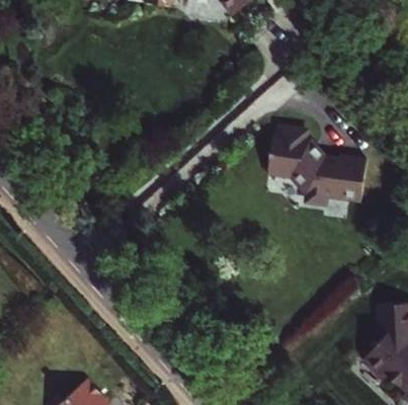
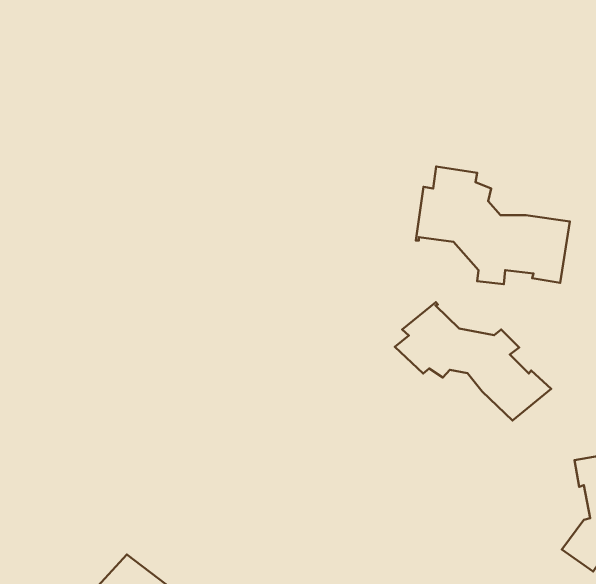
building: none -> [395,302,551,420]

